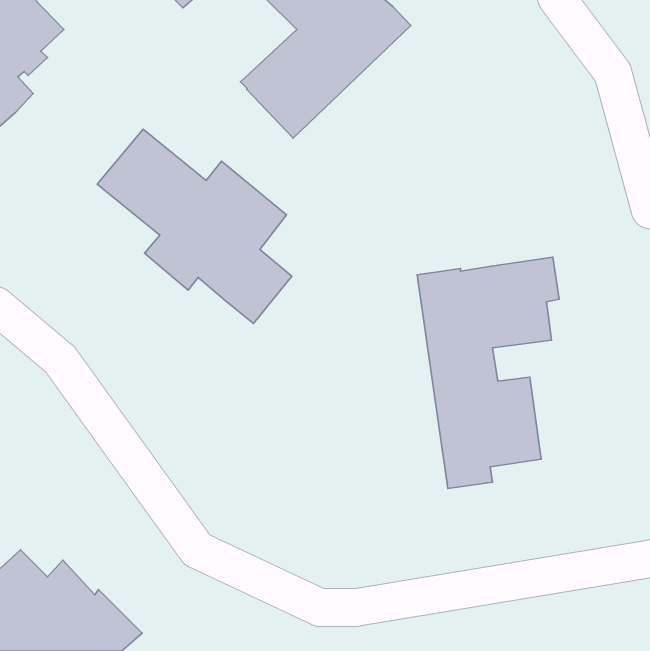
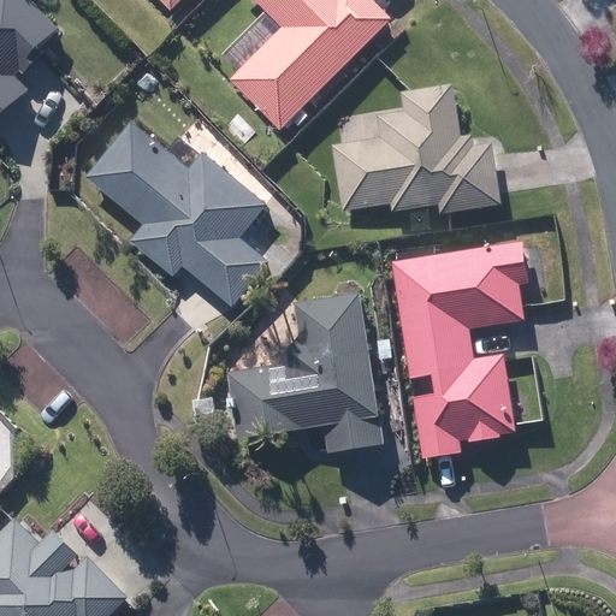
building: none -> [327,87,496,215]
building: none -> [231,294,385,454]

